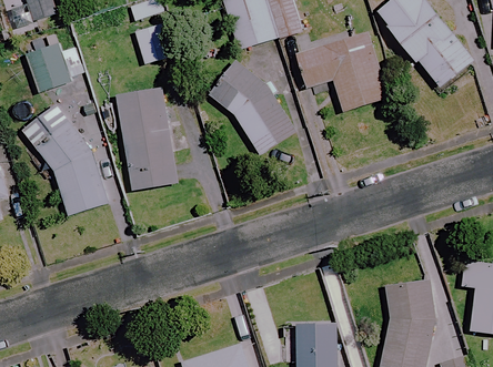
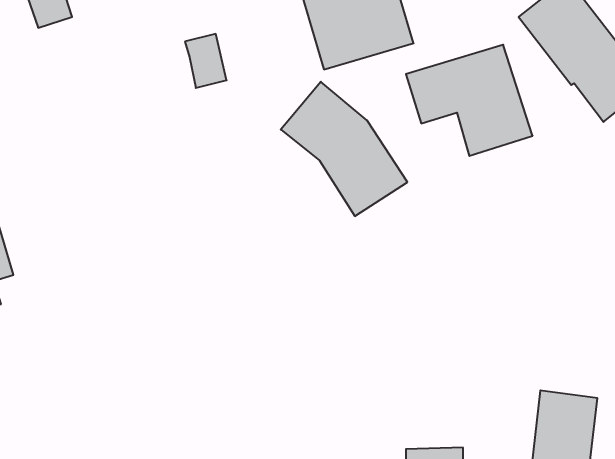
building: [21,33,71,93] -> none
building: [113,86,180,191] -> none
building: [22,105,109,216] -> none

